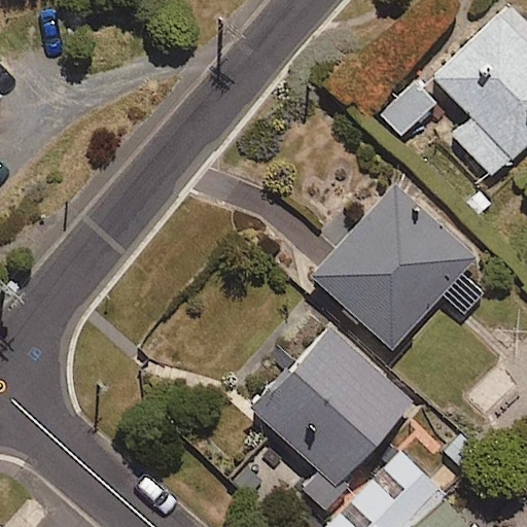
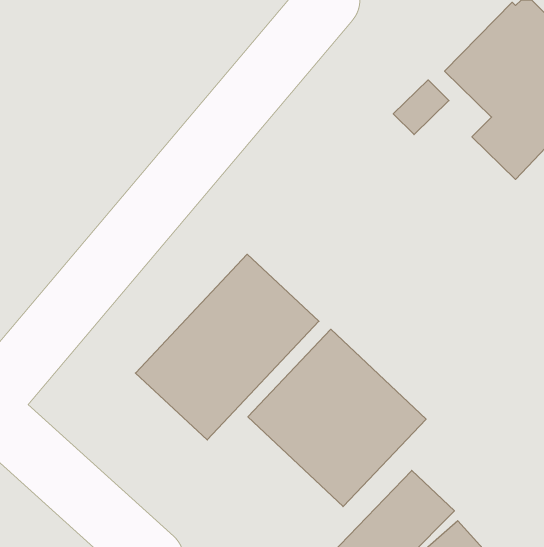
building: [306,181,490,353] -> none
building: none -> [135,254,319,440]

